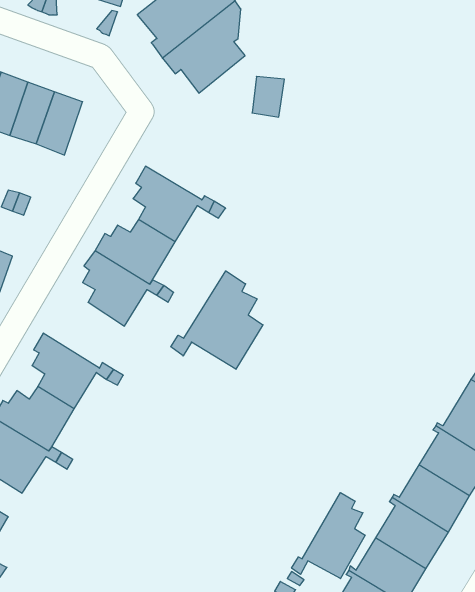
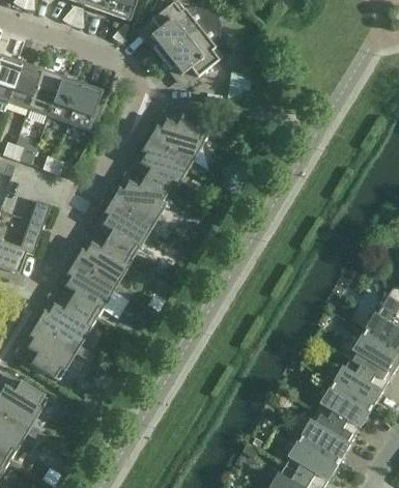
building: none -> [147,115,207,163]
building: [171,271,263,369] -> none
building: none -> [72,238,132,287]
building: [292,493,365,579] -> none

